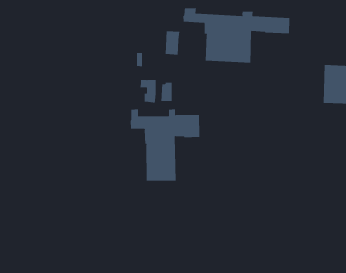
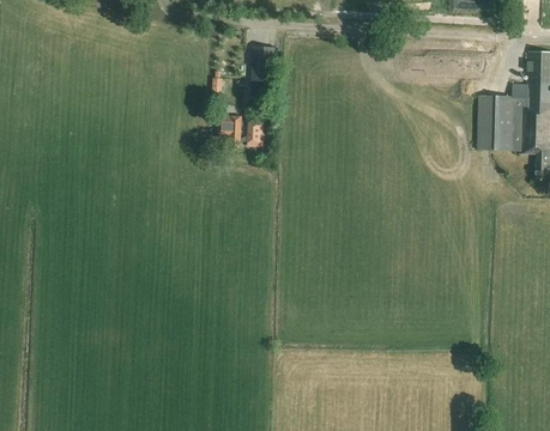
building: [183,8,290,64] -> none
building: [130,108,200,181] -> none

